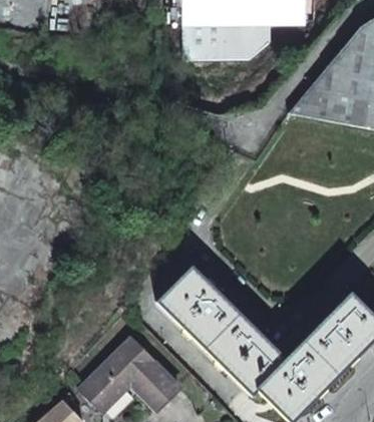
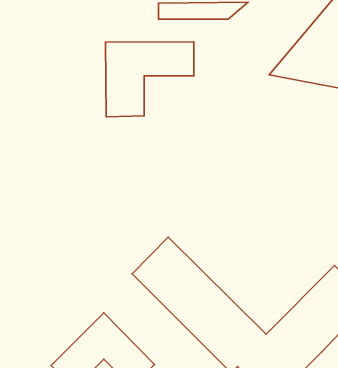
building: none -> [105,42,194,117]

